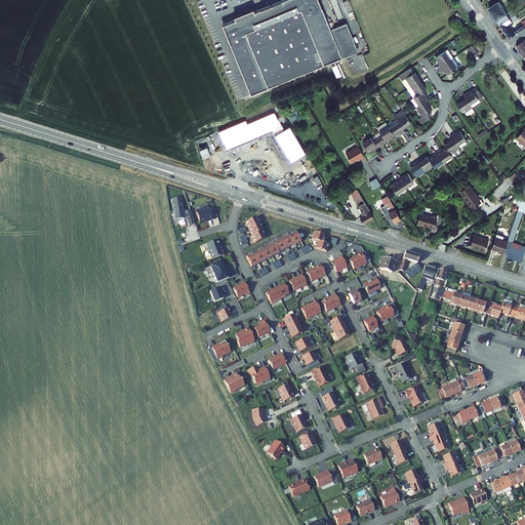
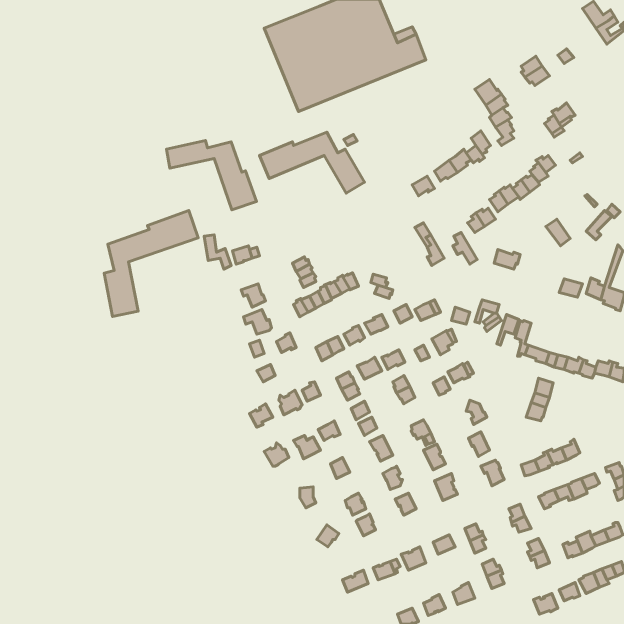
building: none -> [167,141,257,210]
building: none -> [104,211,198,316]

